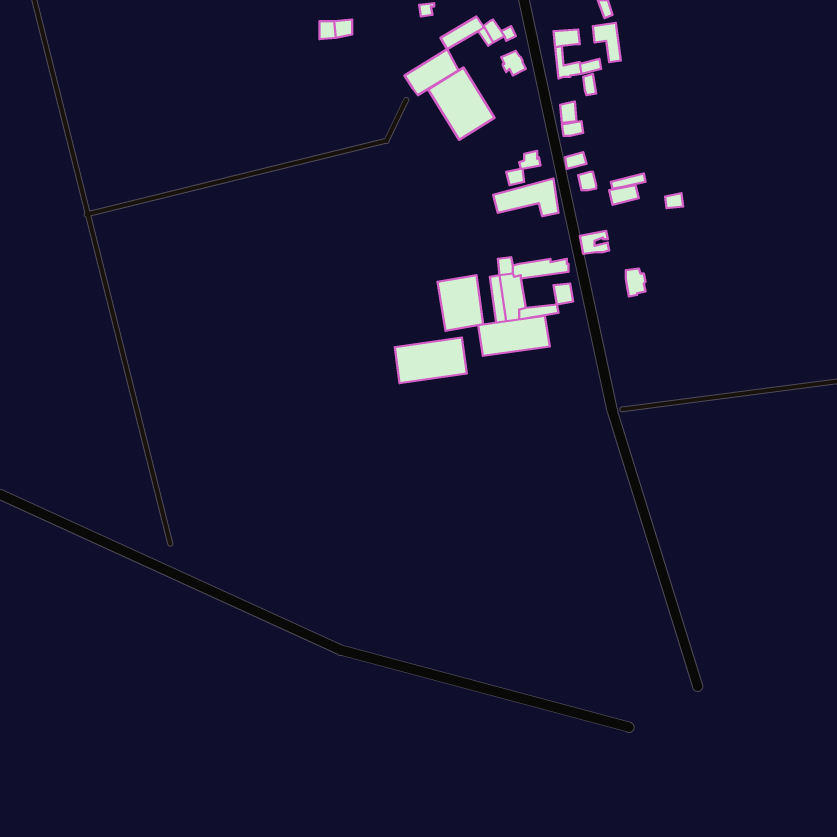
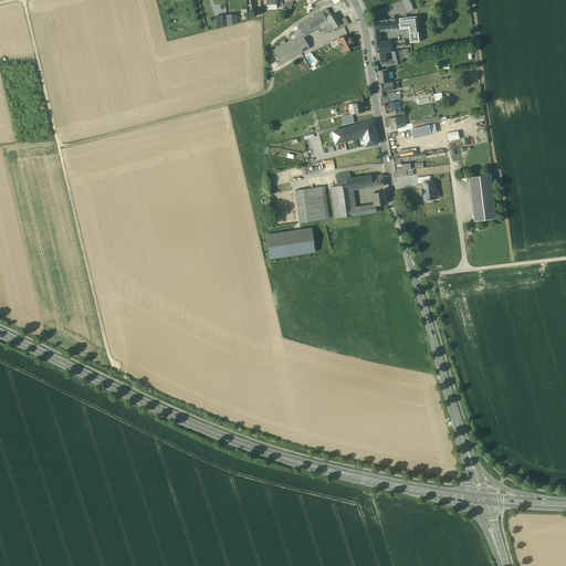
building: [428,67,494,140] -> none
building: none -> [469,175,496,221]
building: [478,316,550,356] -> none

